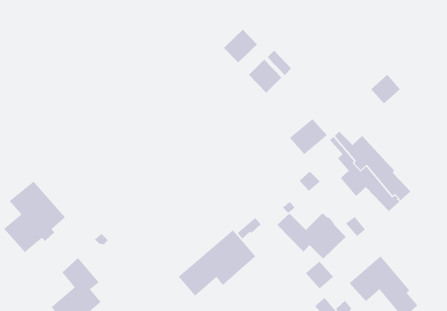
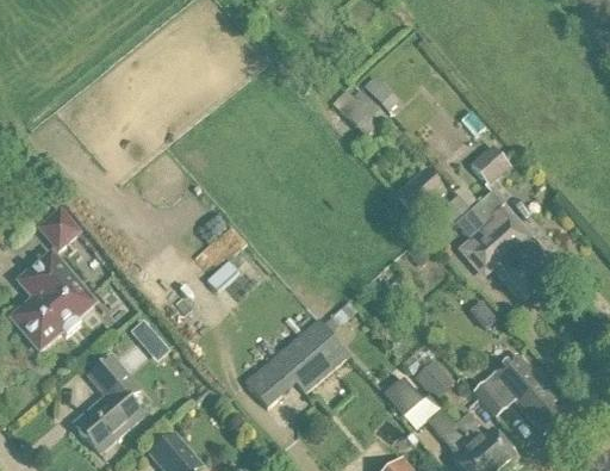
building: [223,29,258,63] -> none
building: [370,74,401,104] -> [471,145,511,186]
building: none -> [38,209,79,249]
building: [277,212,347,260] -> none
building: none -> [384,377,422,416]

